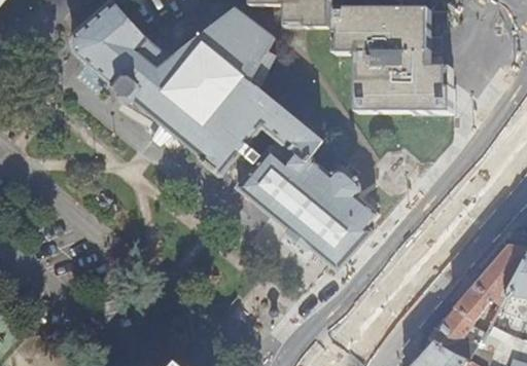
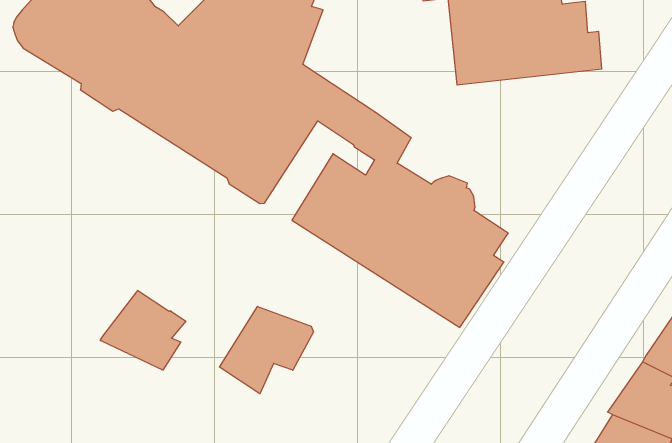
building: none -> [100,290,186,370]
building: none -> [219,306,314,394]

